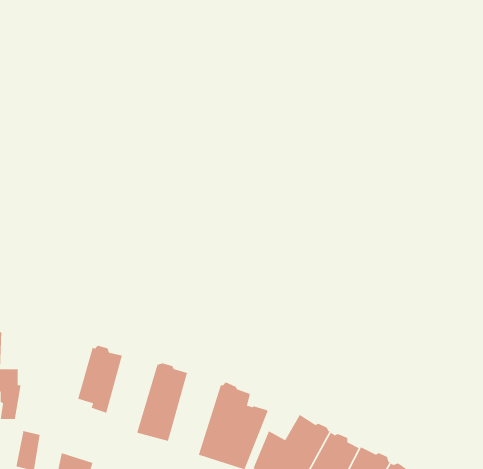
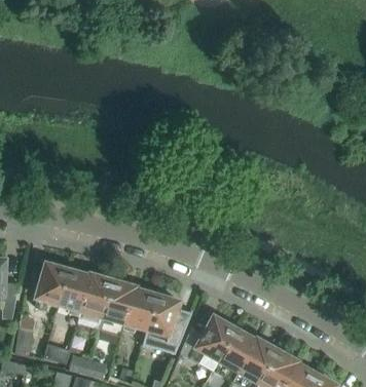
building: none -> [33,262,68,309]
building: none -> [76,273,113,328]
building: none -> [123,287,157,331]

